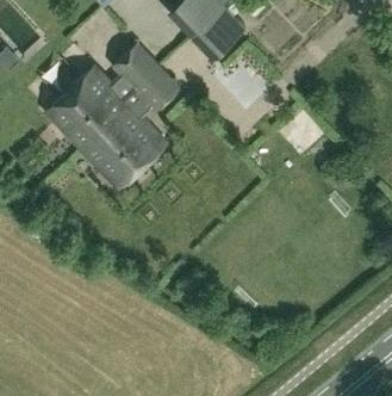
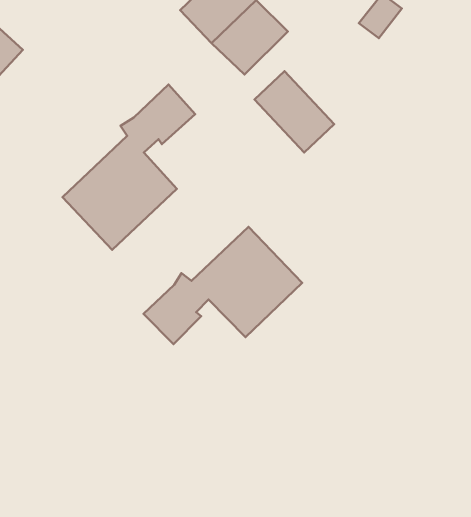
building: [48,44,160,149] -> none
building: none -> [143,227,302,344]

